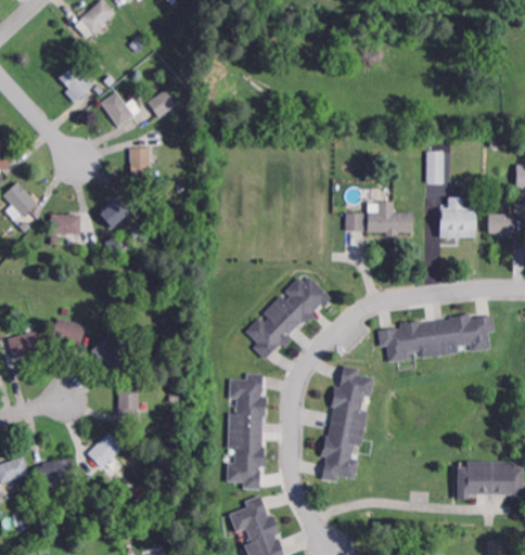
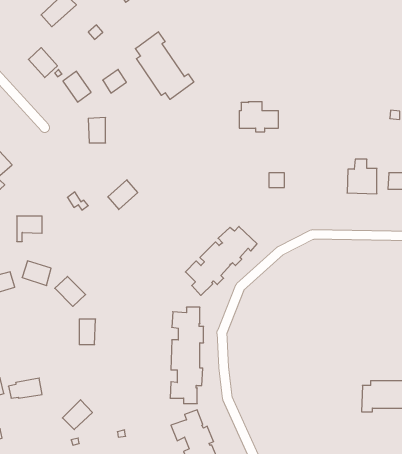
building: none -> [135,32,194,99]
building: [424,150,441,182] -> none
building: [98,194,133,230] -> [108,180,138,210]
building: [367,199,413,235] -> [239,102,278,132]
building: [50,216,80,246] -> [17,216,42,241]
building: [377,314,494,363] -> none
building: [320,366,374,482] -> none
building: [87,433,123,468] -> [62,400,92,430]

